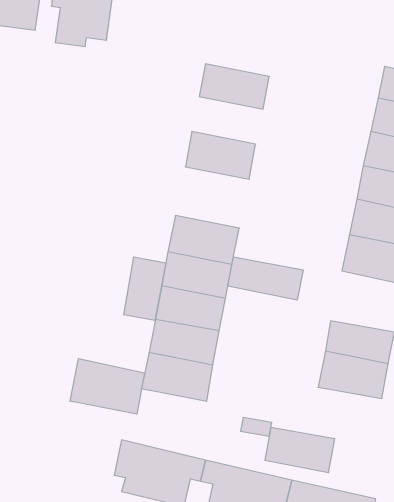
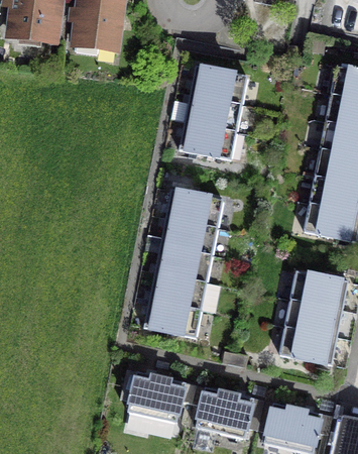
building: none -> [184,92,241,130]
building: [228,257,303,300] -> none
building: [124,257,166,320] -> none
building: [70,359,145,414] -> none
building: [265,428,335,473] -> [280,326,337,362]

